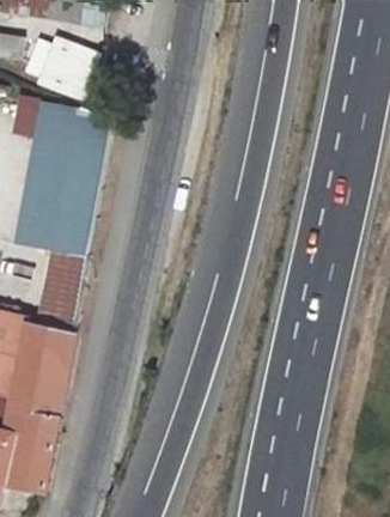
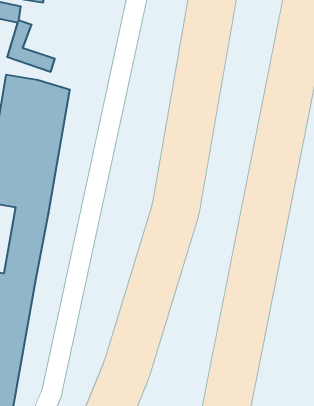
building: [59,44,104,83] -> none

